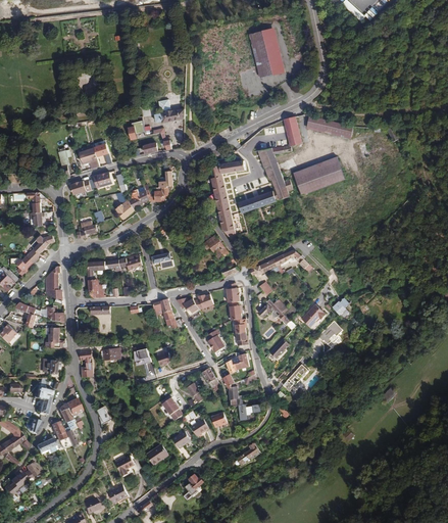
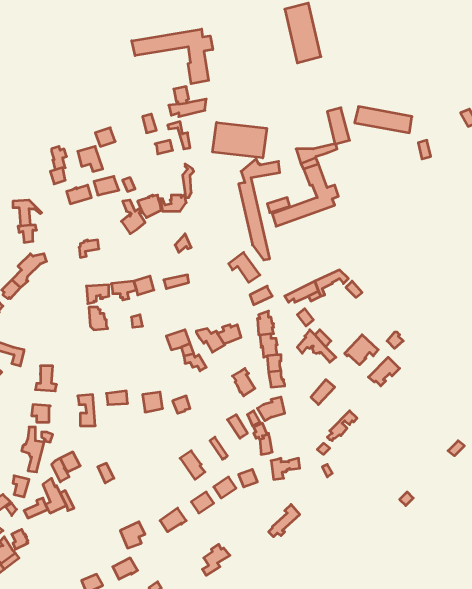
building: none -> [132,29,213,84]
building: none -> [213,122,267,158]
building: [294,156,345,194] -> none
building: [42,266,63,304] -> none

